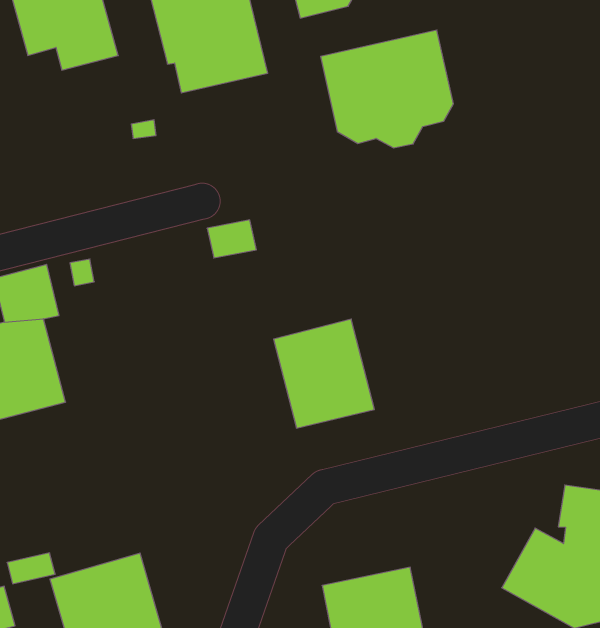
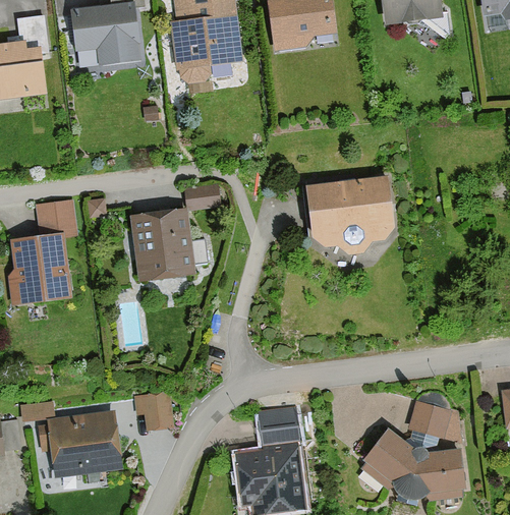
building: [321,30,453,148] -> [307,176,396,254]
building: [274,319,374,428] -> [130,209,194,280]
building: none -> [258,406,296,440]
building: none -> [131,391,169,428]

